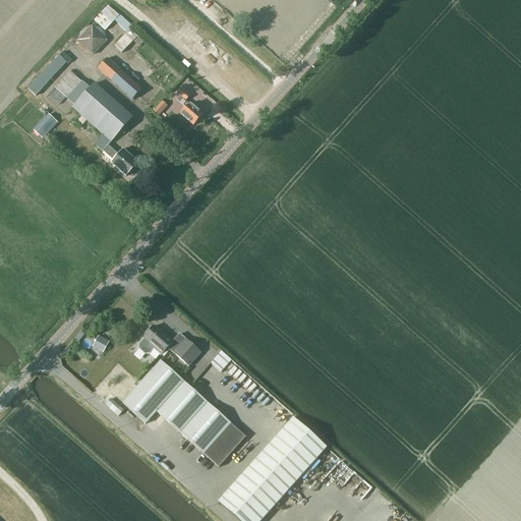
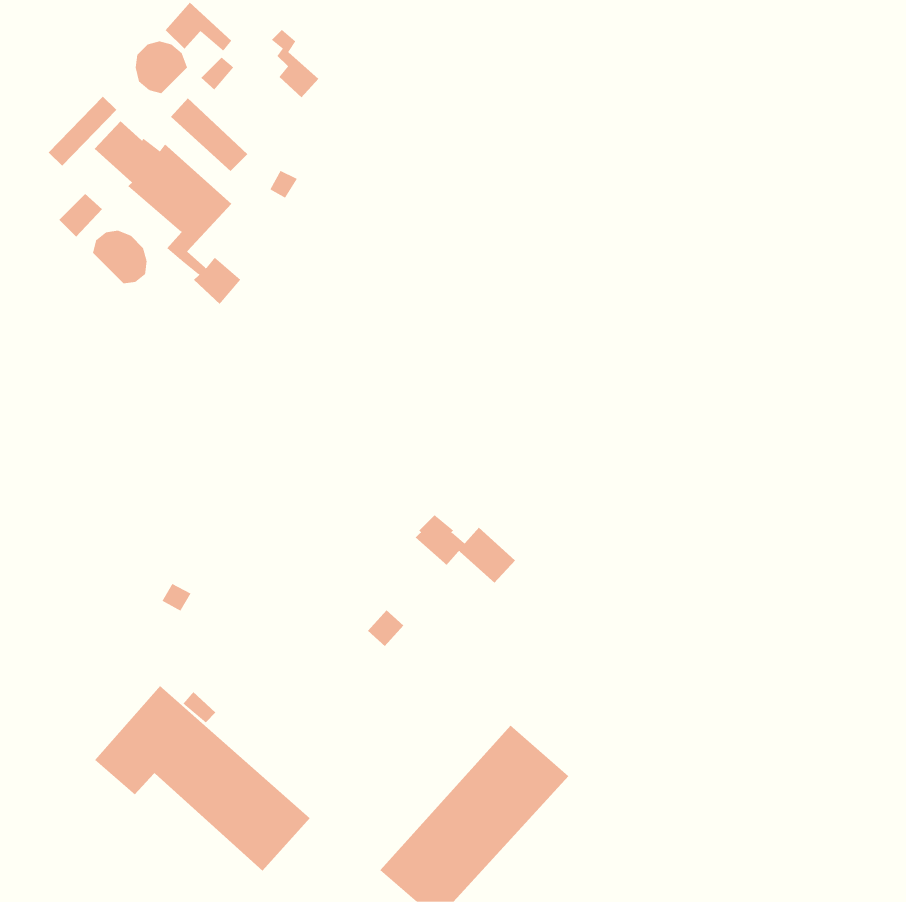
building: [176,86,204,126] -> [271,29,319,98]
building: none -> [92,230,147,284]
building: [142,326,200,365] -> [415,514,516,584]
building: [122,359,246,466] -> [94,685,310,871]

